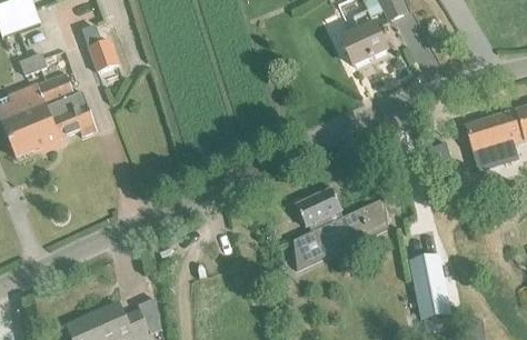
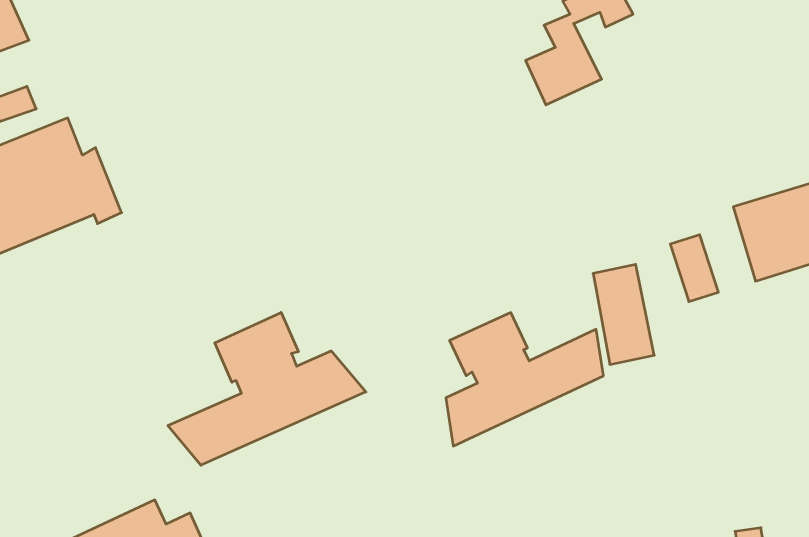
building: [87,37,117,70] -> none
building: none -> [168,312,366,465]
building: [411,256,448,316] -> [593,264,654,364]

